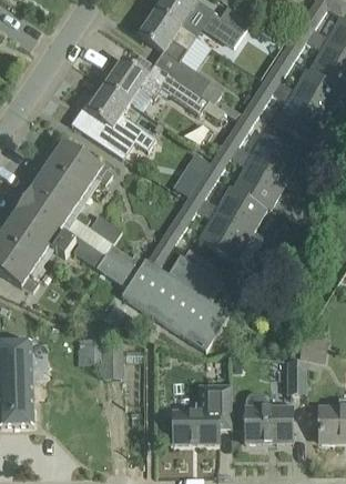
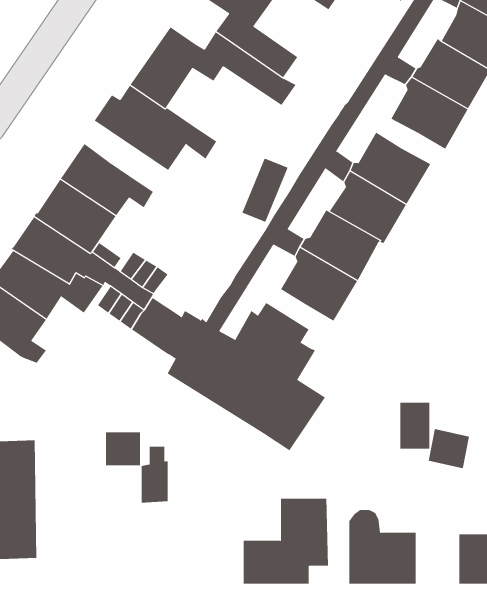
building: [286,362,307,394] -> [399,402,430,449]

